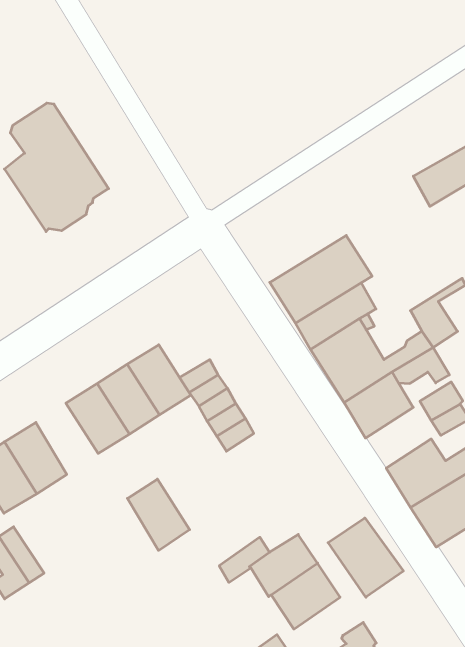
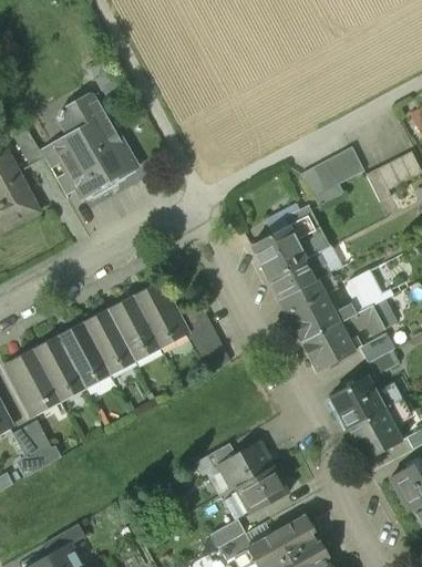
building: none -> [302,148,363,196]
building: [127,479,190,550] -> [61,328,107,383]
building: [328,518,403,597] -> none

